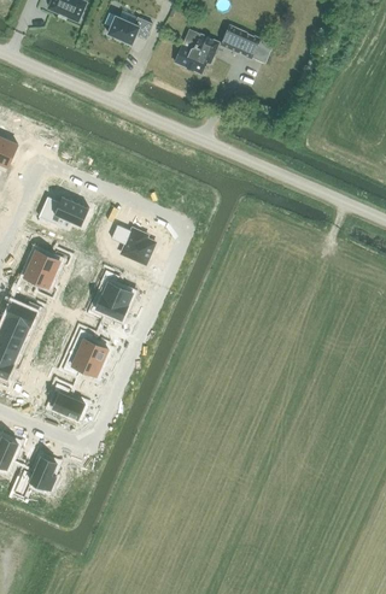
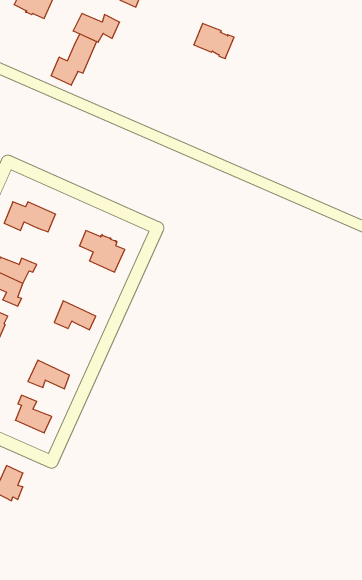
building: [172,35,217,75] -> none
building: none -> [51,34,97,85]
building: [95,270,133,306] -> none
building: [71,328,107,363] -> none

